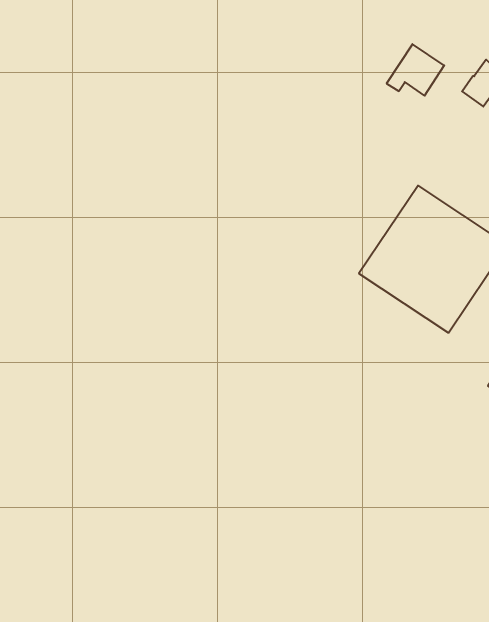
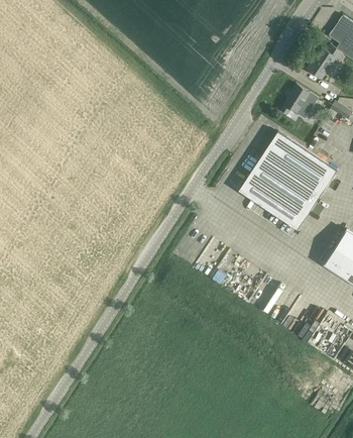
building: [387,44,444,96] -> [280,85,319,119]

